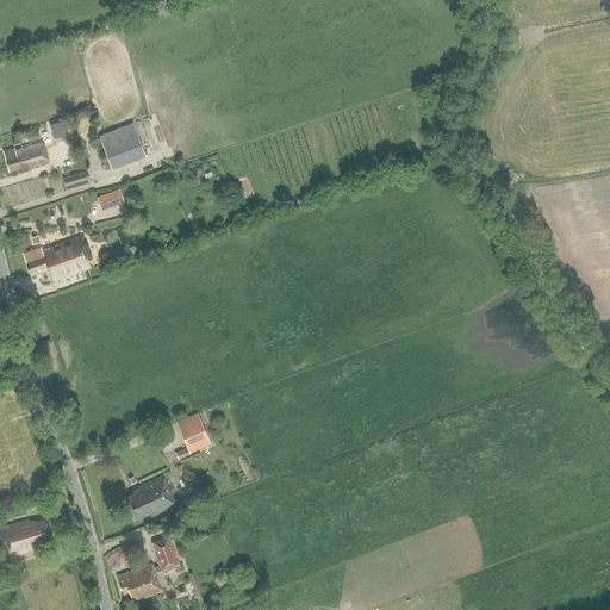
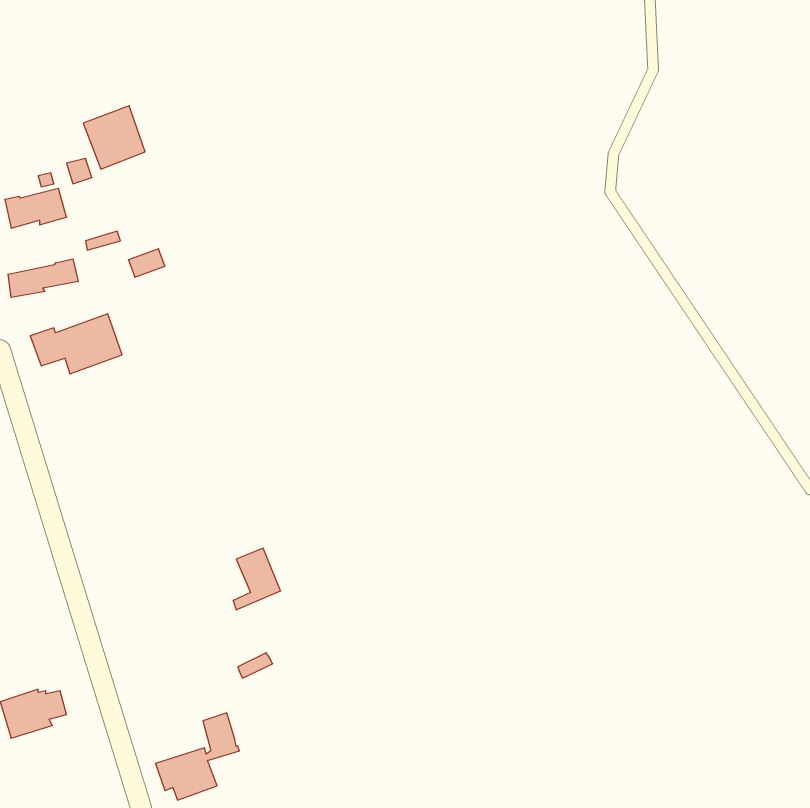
building: [99,122,145,169] -> [83,106,145,169]
building: none -> [8,259,78,297]
building: [126,477,176,518] -> none

